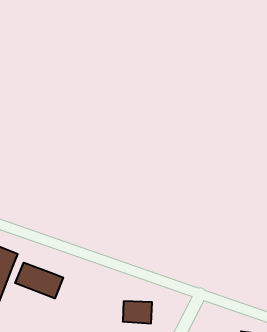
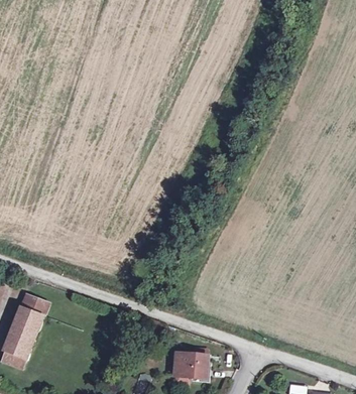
building: [15,263,63,298] -> none

